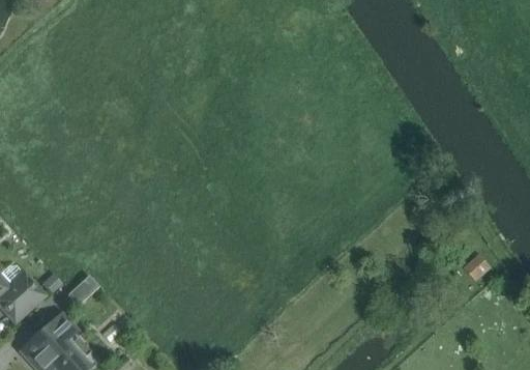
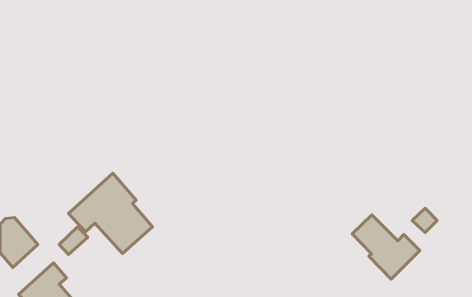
building: none -> [68,173,152,253]
building: none -> [352,215,420,279]

